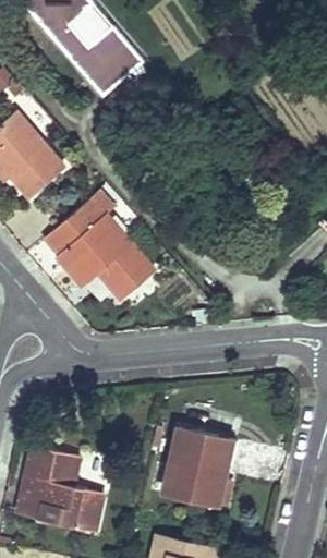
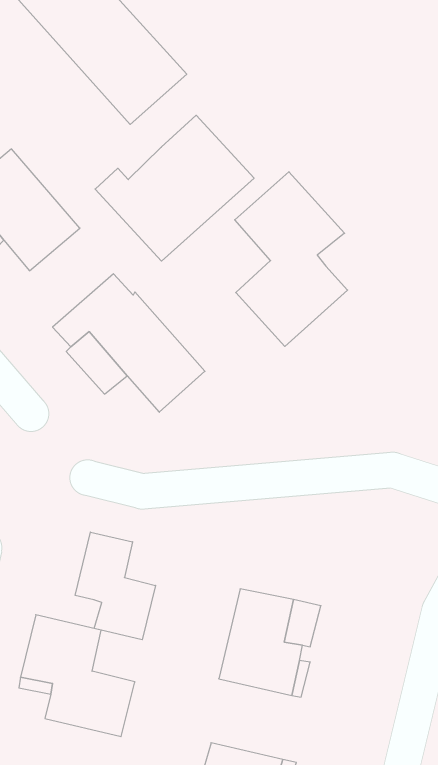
building: none -> [95,115,254,261]
building: none -> [235,172,348,346]
building: none -> [75,532,156,640]

